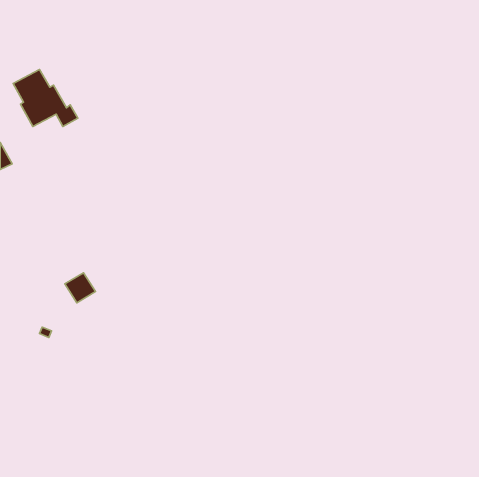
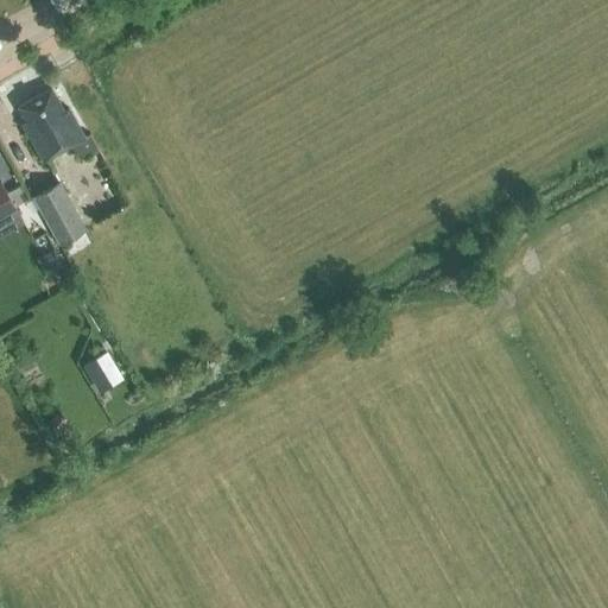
building: none -> [33,184,91,255]

